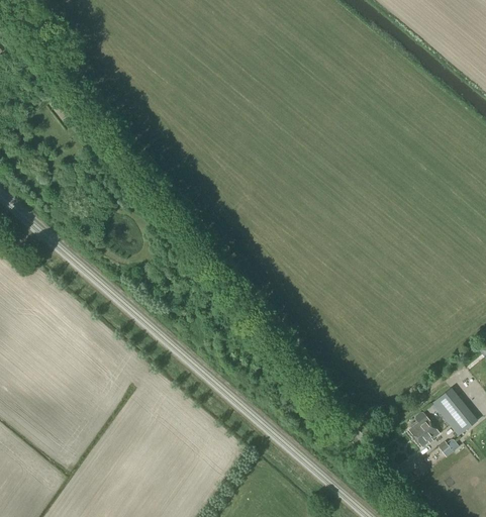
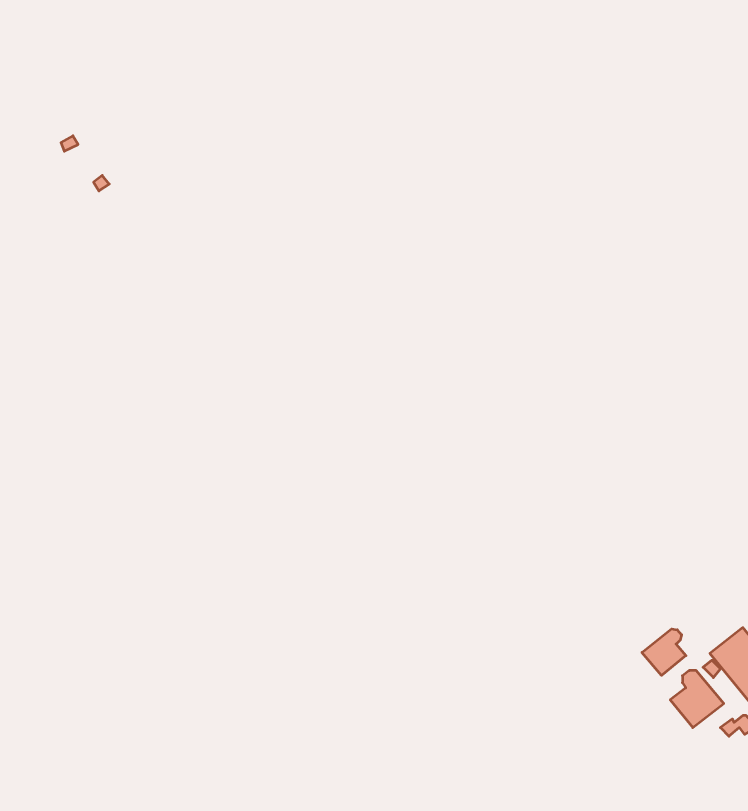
building: none -> [642,629,686,675]

